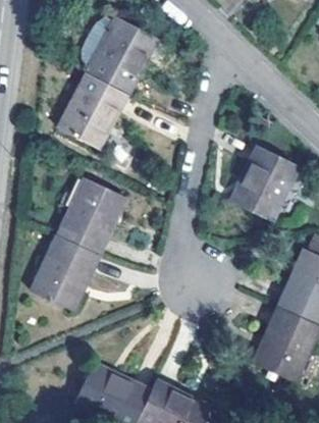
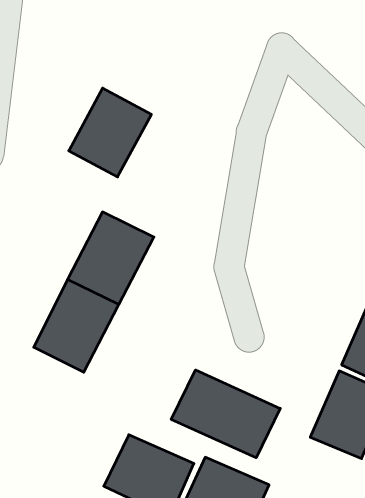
building: [87,19,154,92] -> none
building: [227,145,293,219] -> none
building: none -> [171,370,280,458]

